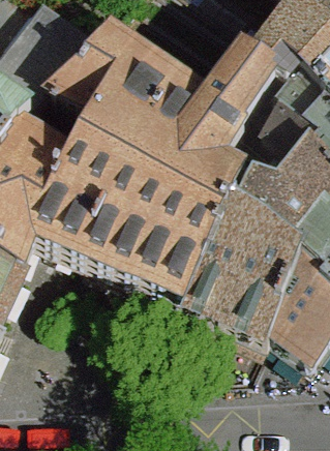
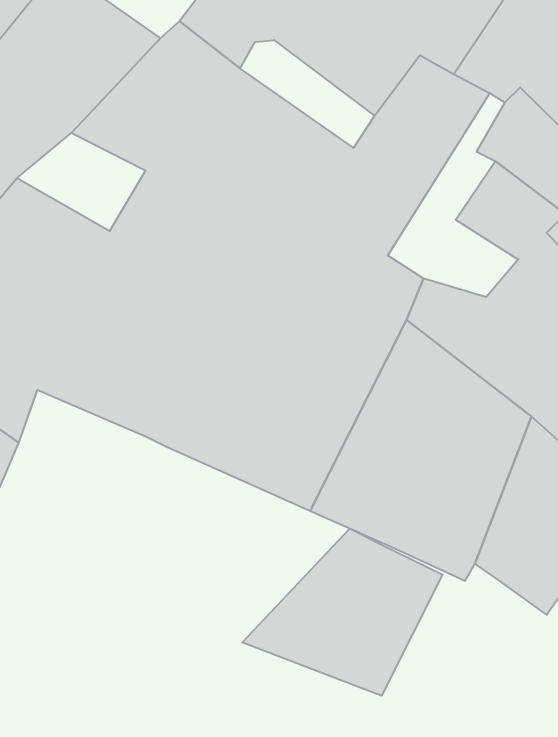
building: none -> [242,529,443,696]

